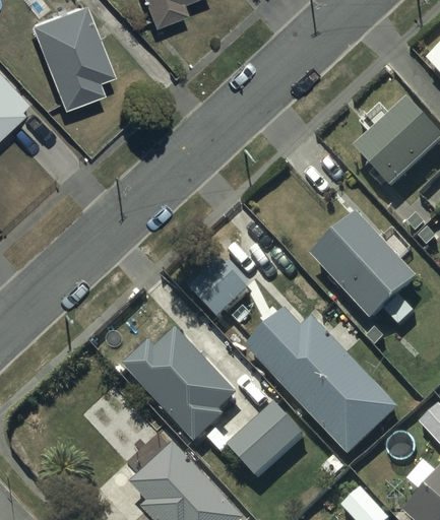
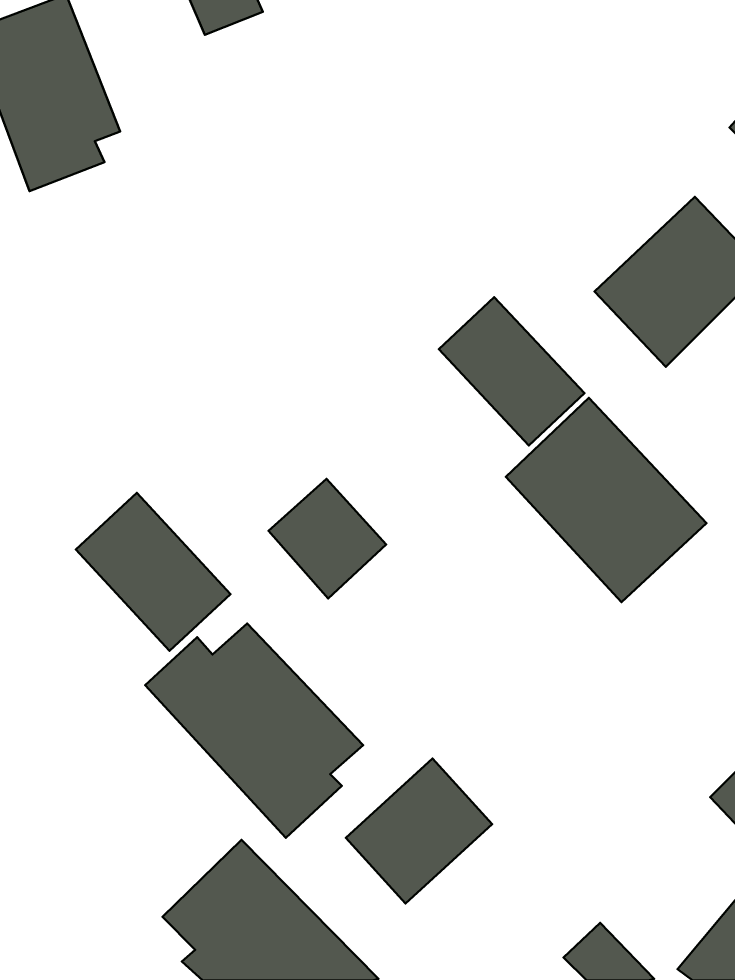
building: none -> [439,297,585,445]
building: none -> [76,493,231,651]
building: [245,307,397,455] -> none

